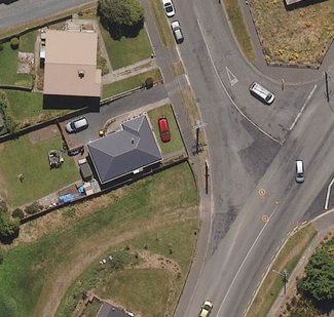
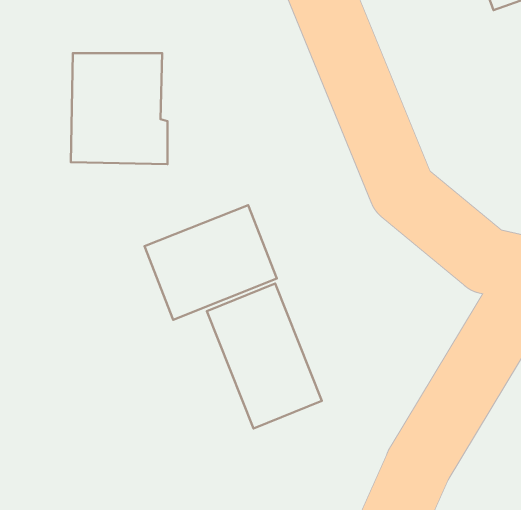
building: none -> [207,284,322,429]

